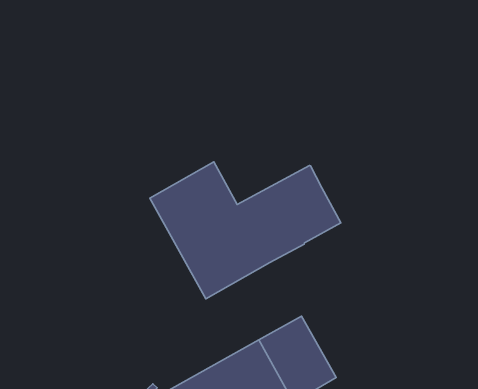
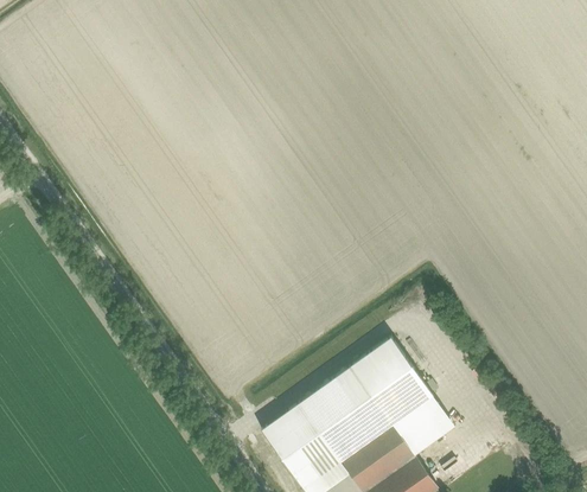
building: [150,162,341,299] -> none

